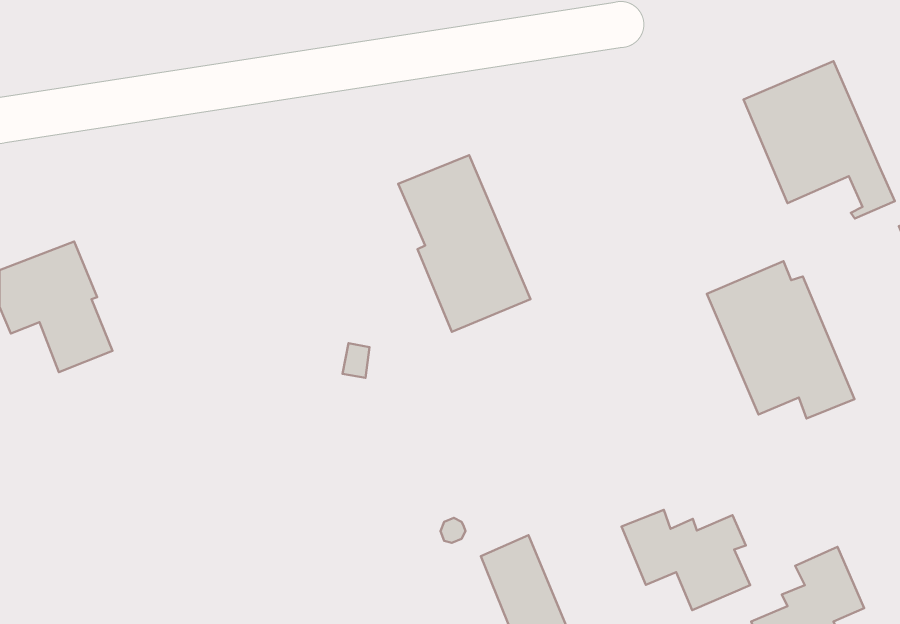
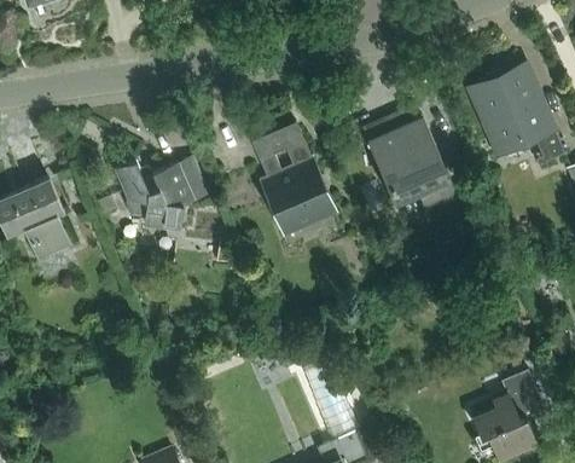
building: none -> [114,161,196,232]
building: [707,261,855,418] -> [361,108,454,207]
building: [622,510,750,610] -> none

